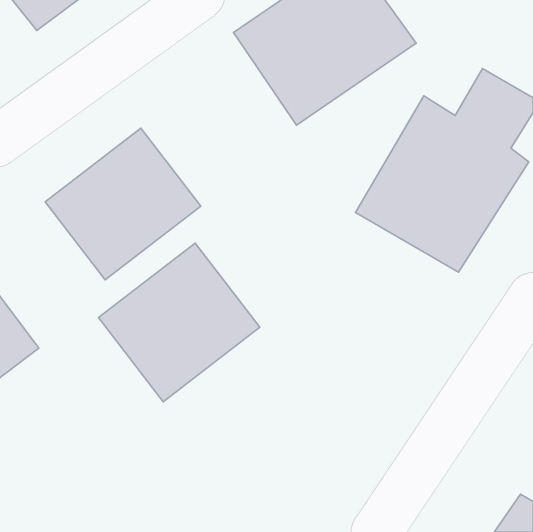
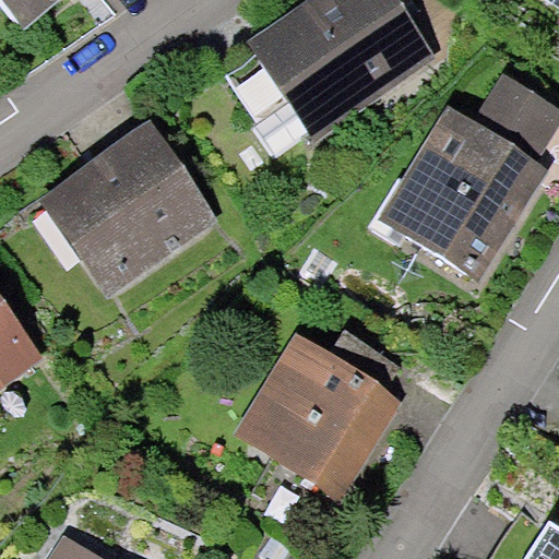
building: [98,243,260,402] -> none
building: none -> [250,343,409,502]

